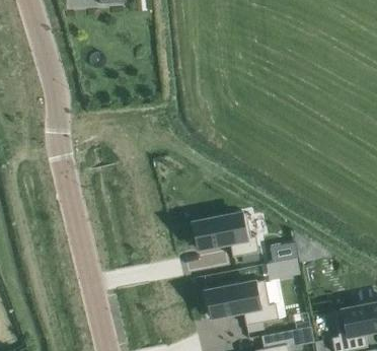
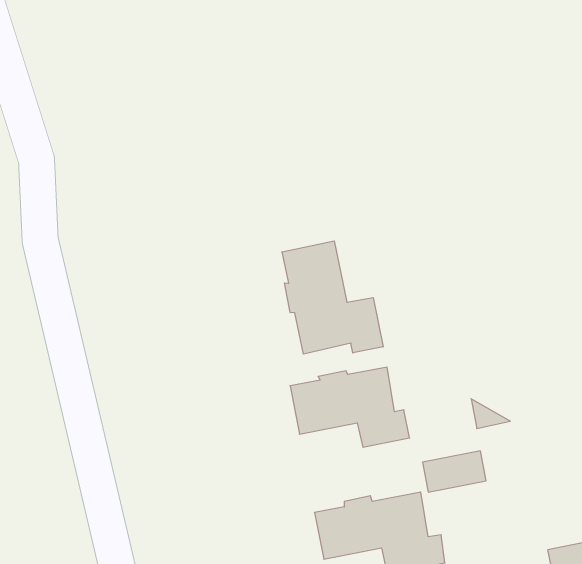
building: none -> [282,241,383,354]

